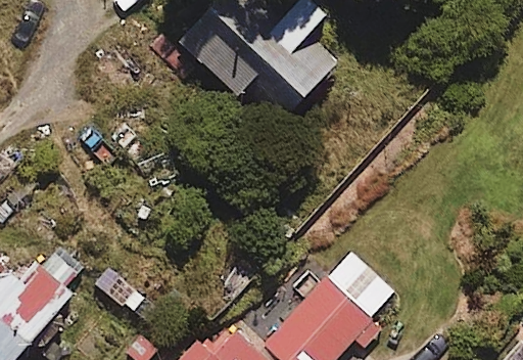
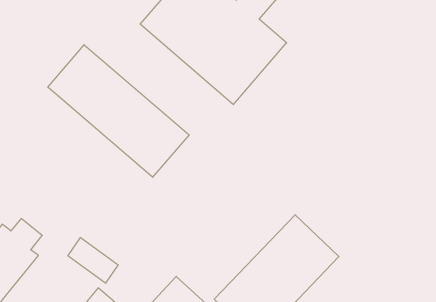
building: none -> [48,45,189,177]

